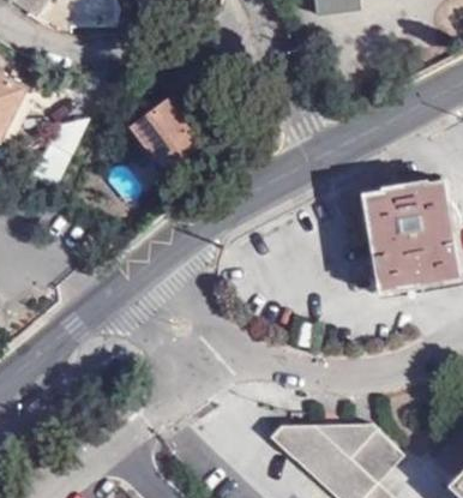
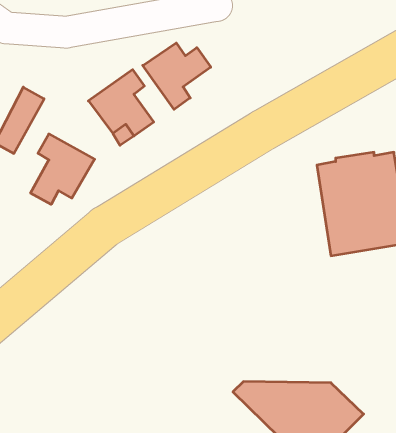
building: none -> [143,43,211,109]
building: none -> [31,134,95,204]

